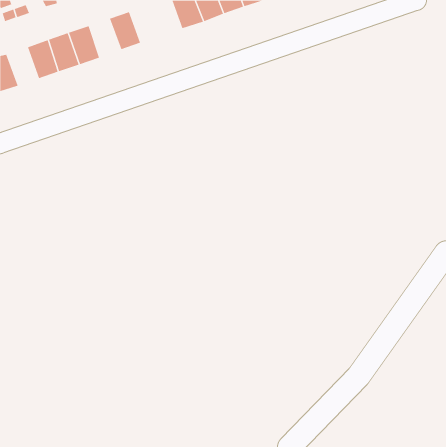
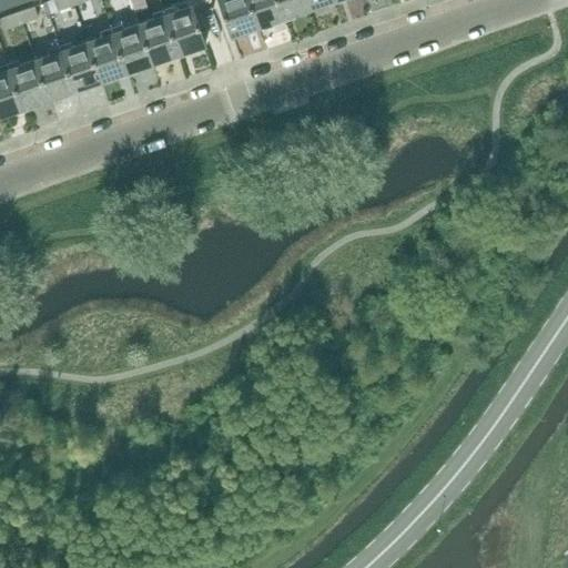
building: none -> [164,6,205,54]
building: none -> [113,23,153,73]
building: none -> [9,60,49,109]

